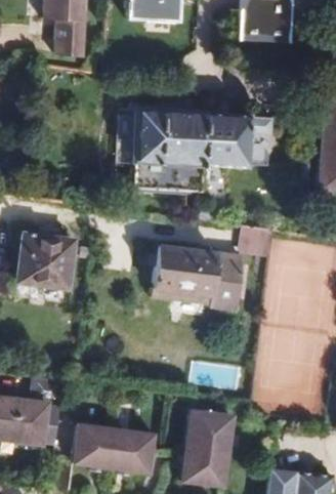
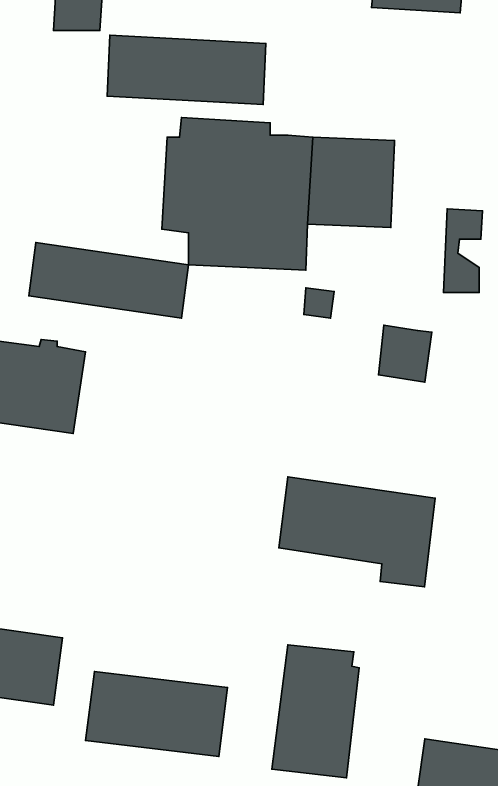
building: none -> [107,35,266,105]
building: [250,119,272,167] -> [444,209,483,292]
building: none -> [29,243,188,318]
building: [153,246,243,310] -> [279,477,435,587]

